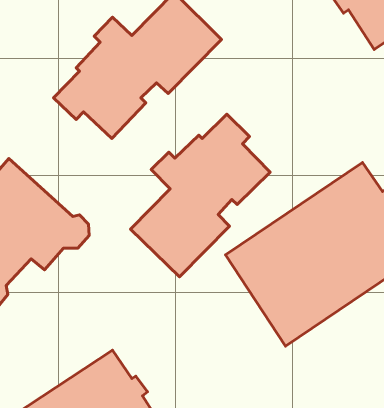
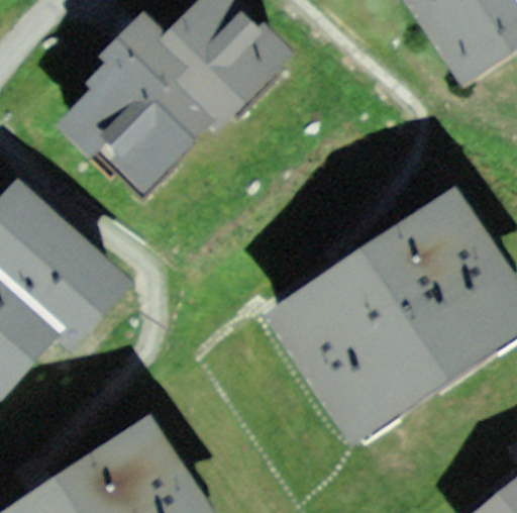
building: [130,114,270,277] -> none

